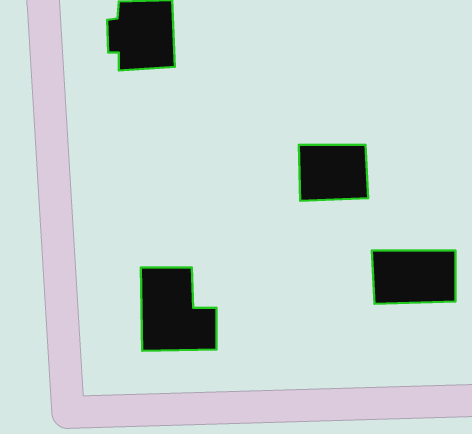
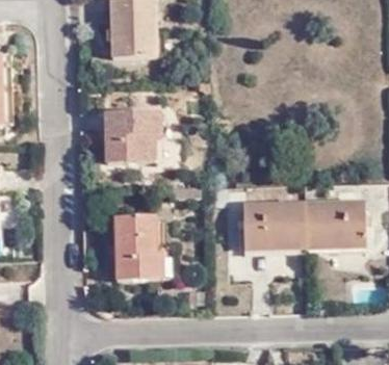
building: none -> [106,111,163,161]
building: [299,145,368,201] -> [250,204,305,249]

